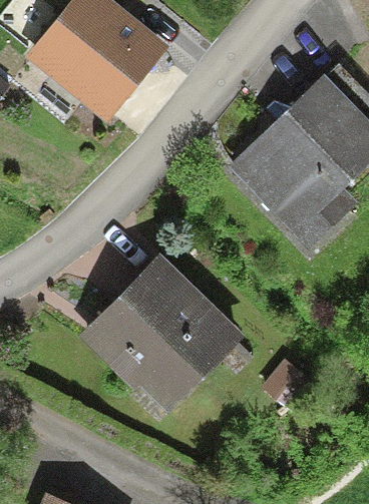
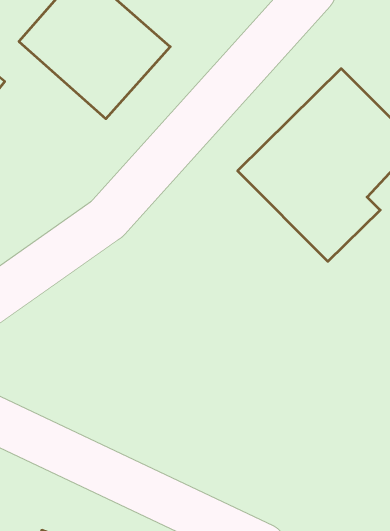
building: [81,255,242,415] -> none

